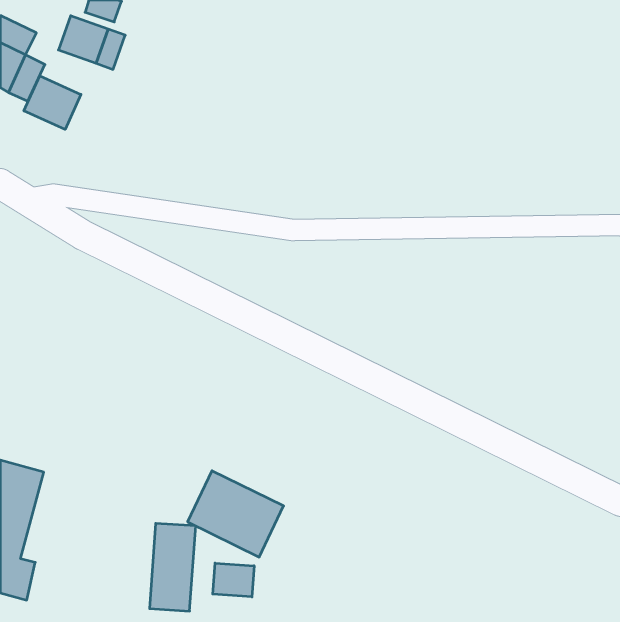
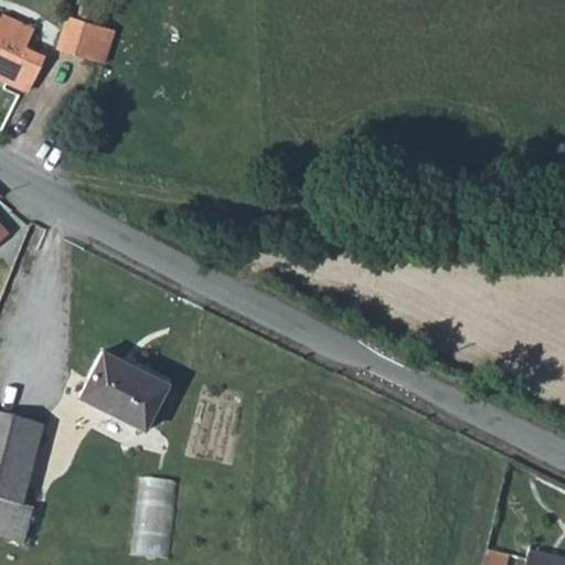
building: [24,76,81,129] -> none
building: [188,471,284,557] -> [77,351,164,429]
building: [213,563,254,597] -> none

